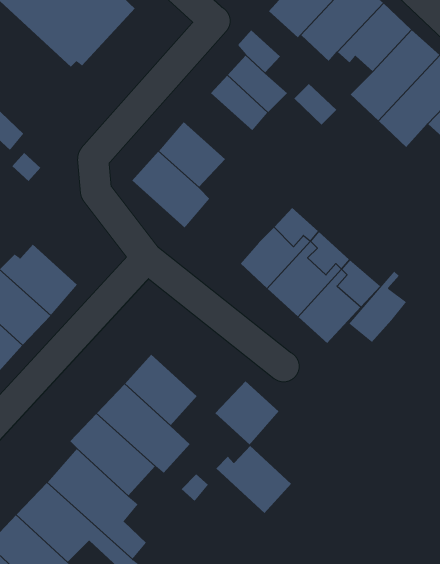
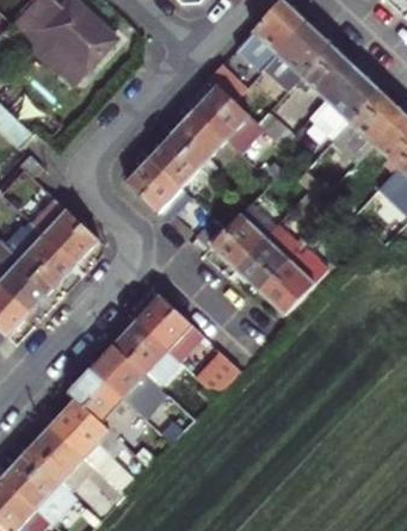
building: none -> [162,109,221,172]
building: none -> [30,205,98,271]
building: [348,271,407,343] -> none
building: none -> [135,302,199,365]
building: [215,445,292,514] -> none

